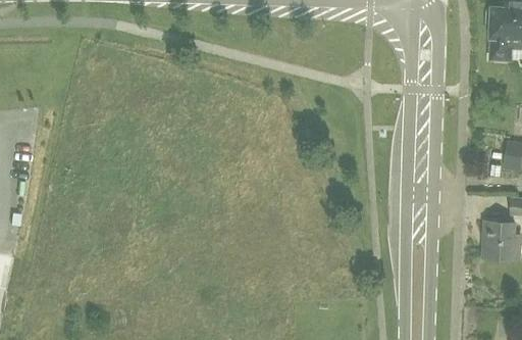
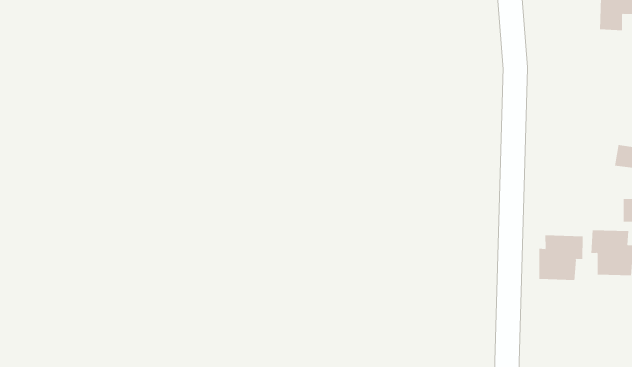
building: none -> [539,234,583,281]

